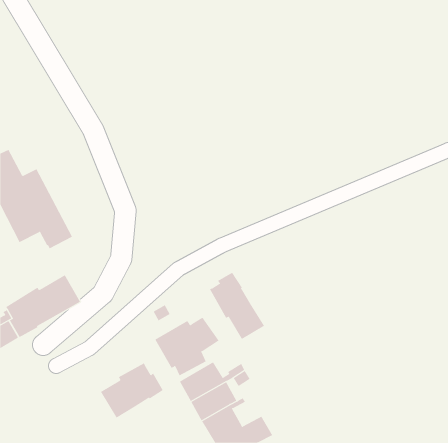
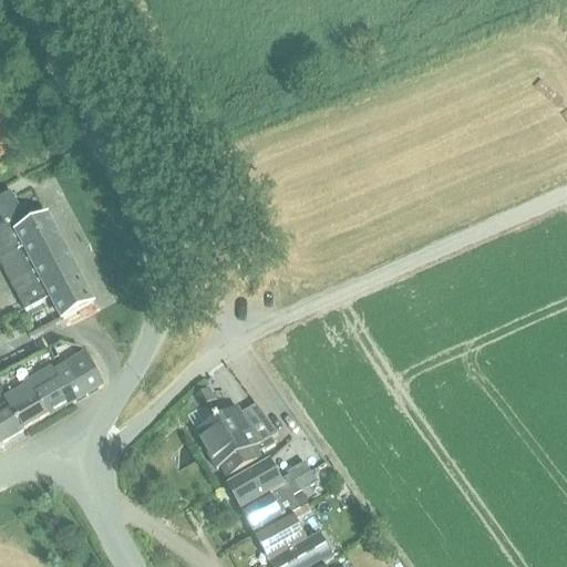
building: [209,272,265,340] -> none
building: [100,363,164,419] -> none

